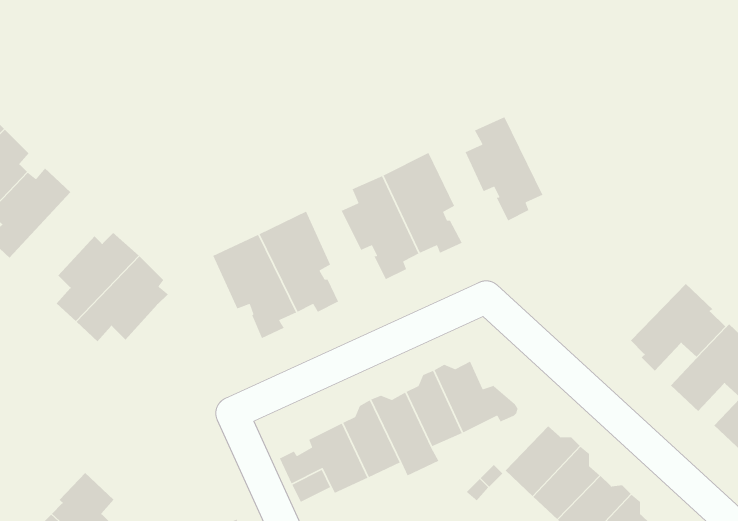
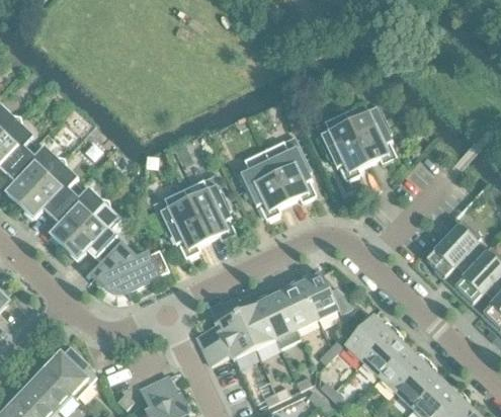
building: none -> [343,102,396,164]
building: none -> [19,162,77,219]
building: none -> [93,236,168,293]

